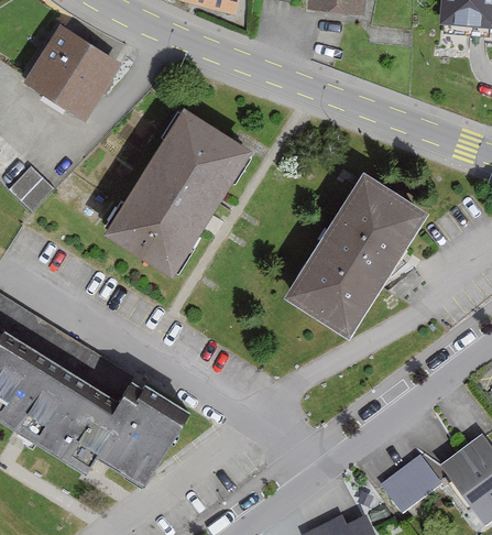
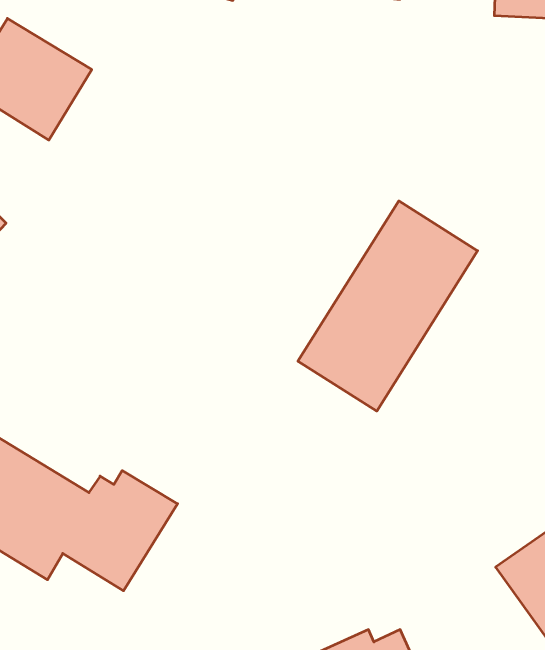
building: [107,108,252,277] -> none
building: [379,454,439,511] -> none

